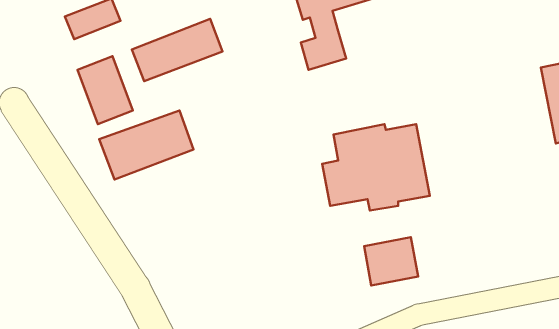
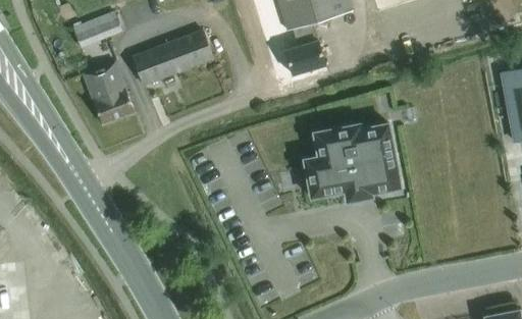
building: [99,110,194,179] -> none
building: [364,237,418,286] -> none

